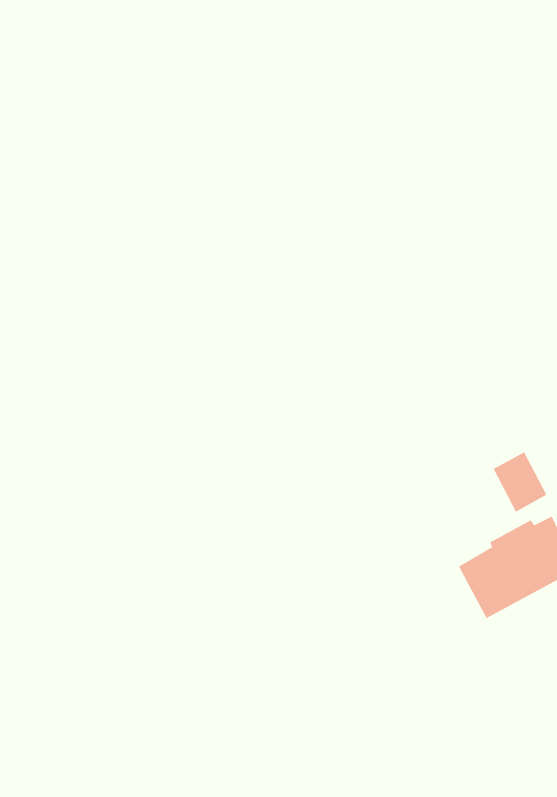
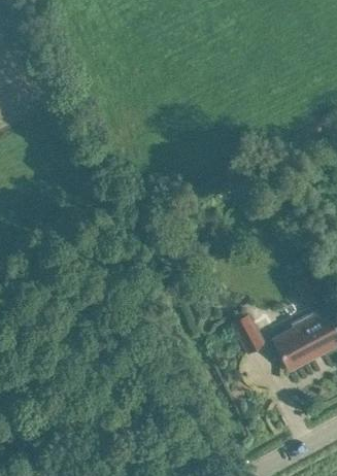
building: none -> [234,313,267,351]

